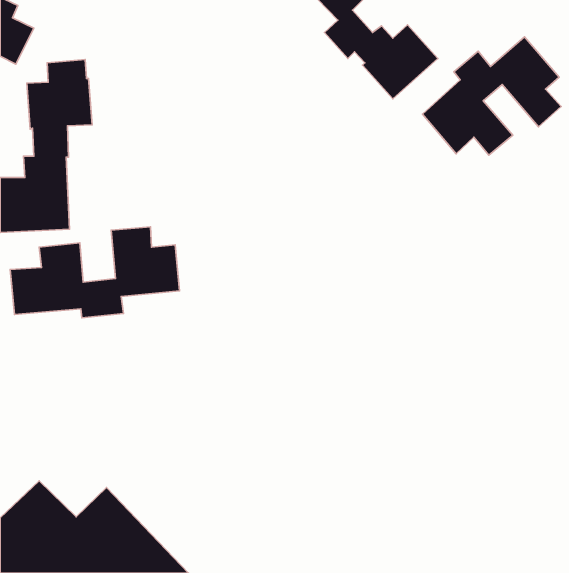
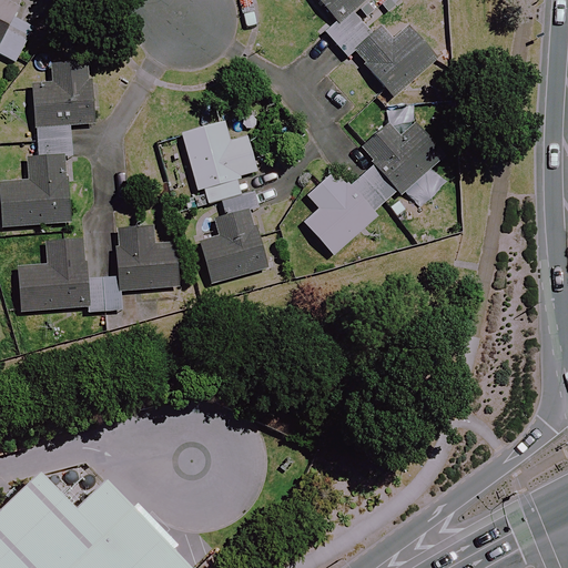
building: [422,37,561,155] -> none
building: none -> [300,120,445,255]
building: none -> [181,121,270,286]

